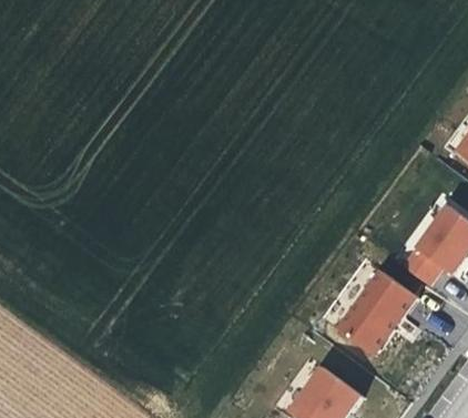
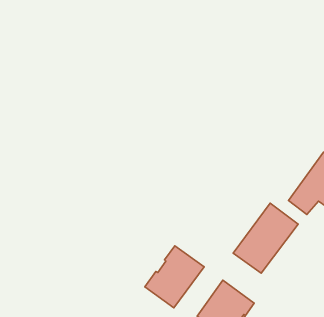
building: none -> [145,246,204,308]

